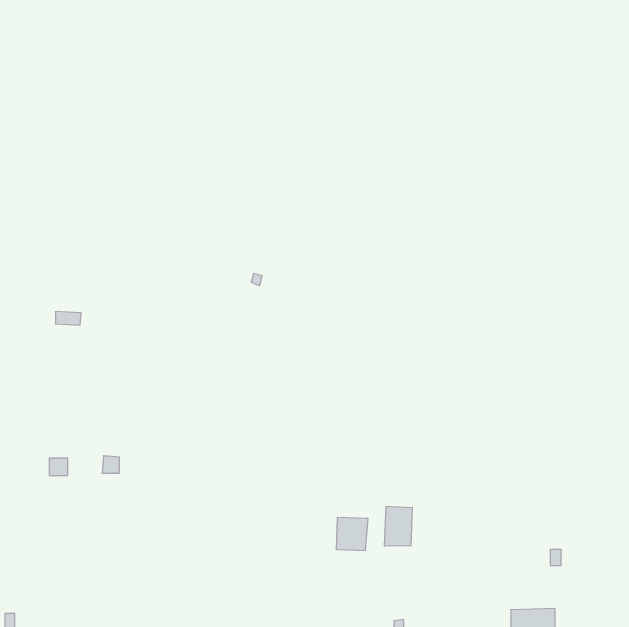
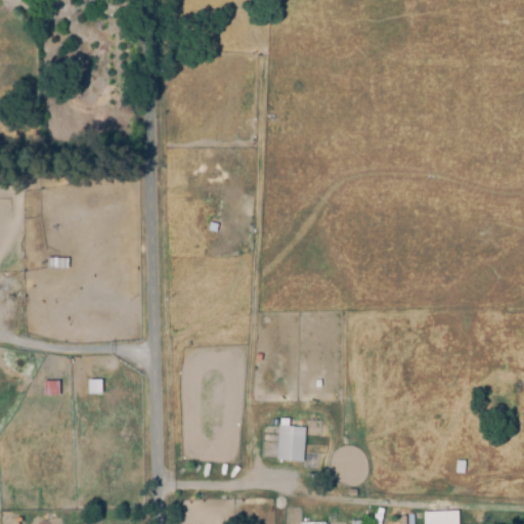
building: [385,506,412,546] -> none

